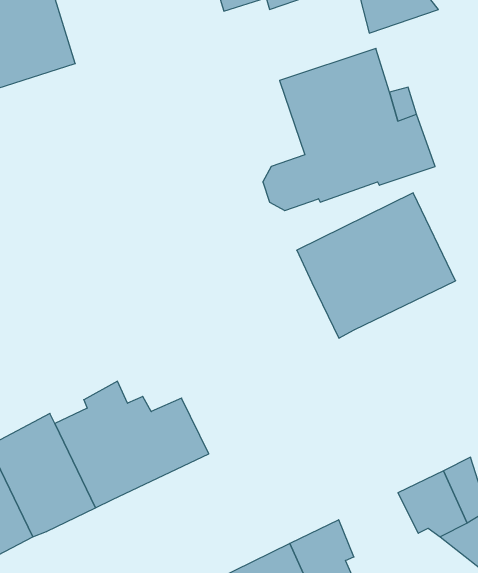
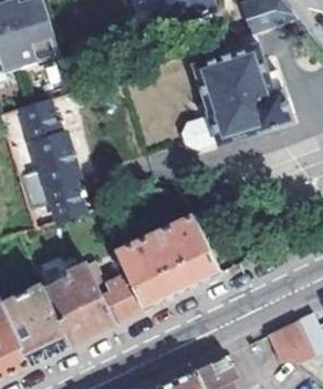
building: none -> [20,100,80,221]
building: [297,193,456,338] -> [115,215,219,310]

